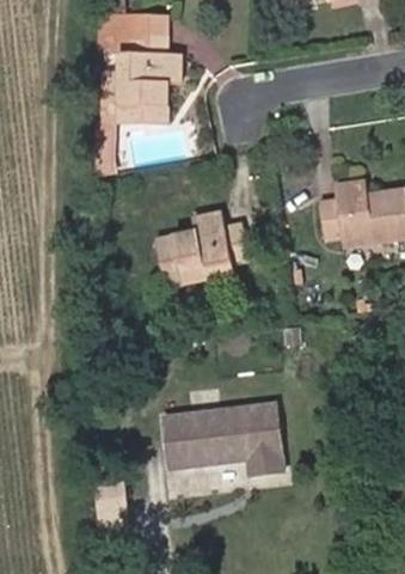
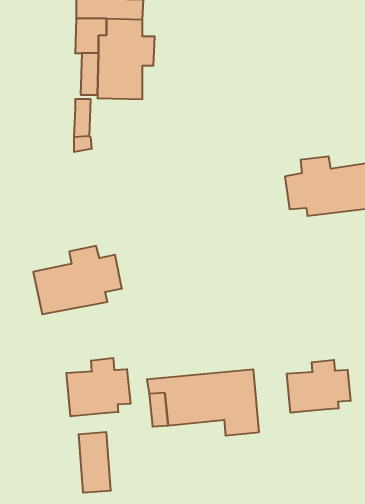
building: [154,210,248,283] -> [33,246,122,314]
building: none -> [66,358,130,416]
building: none -> [287,360,351,413]

